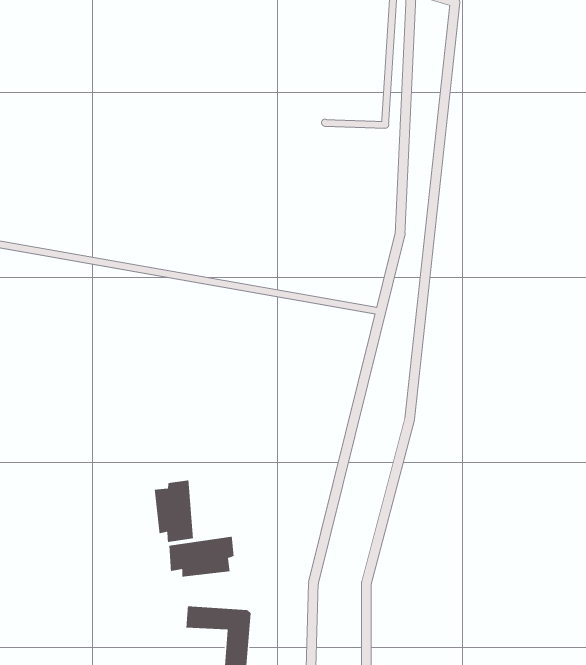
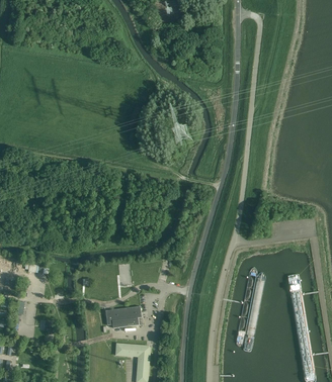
building: [154,480,194,543] -> none

